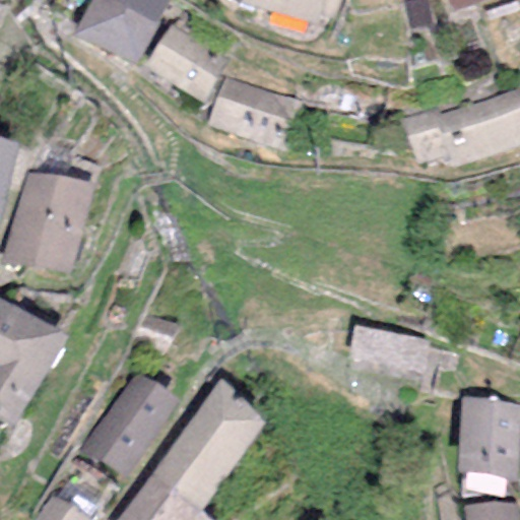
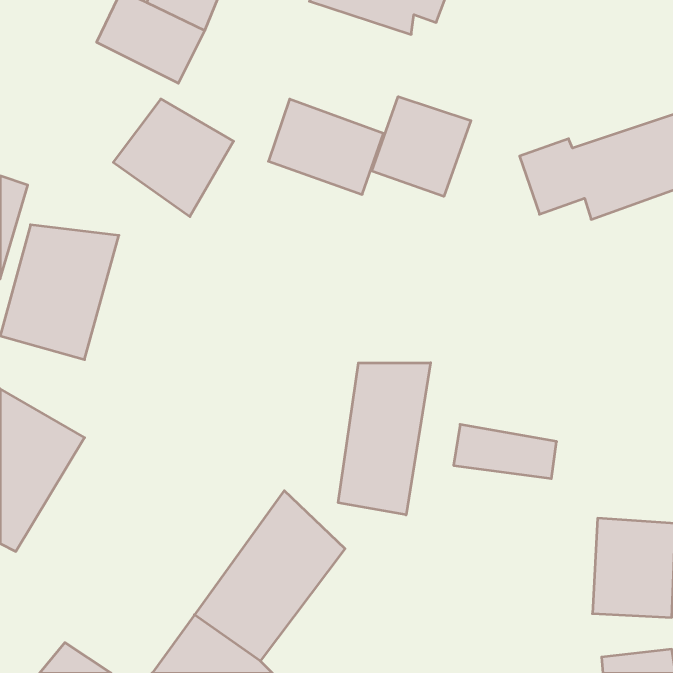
building: [145,13,238,104] -> [113,99,234,217]
building: none -> [372,97,471,196]
building: none -> [338,363,431,515]
building: [76,370,181,484] -> none

